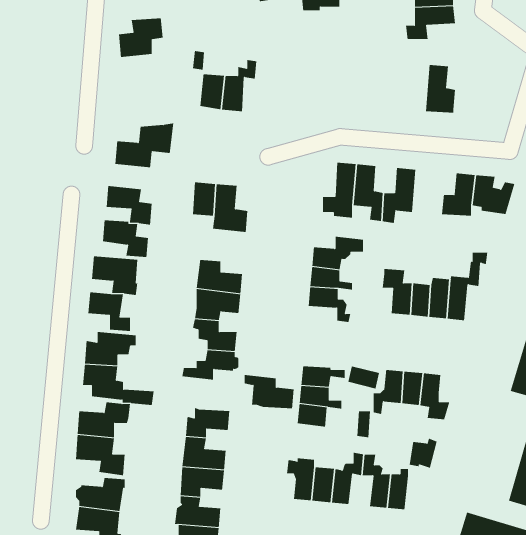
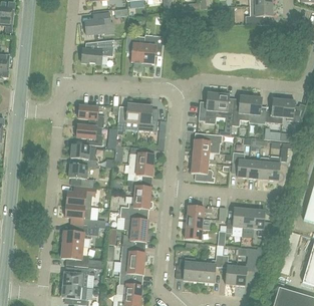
building: [425,64,456,113] -> [249,95,266,122]
building: [115,123,174,168] -> [81,38,114,63]
building: [244,375,294,409] -> [120,211,148,230]

